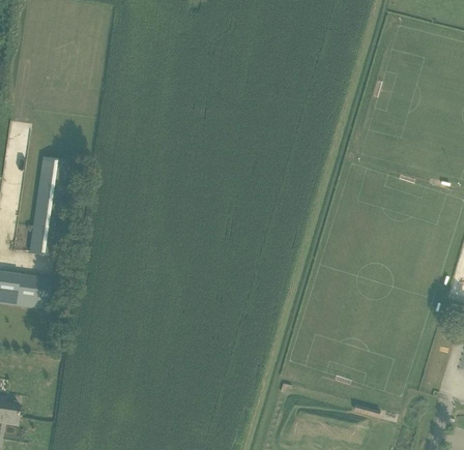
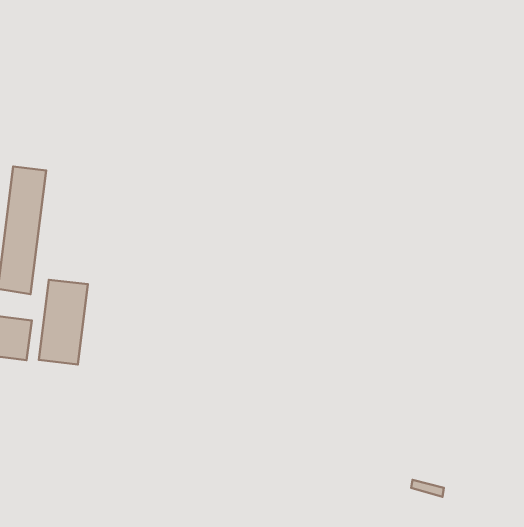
building: none -> [39,280,88,364]

